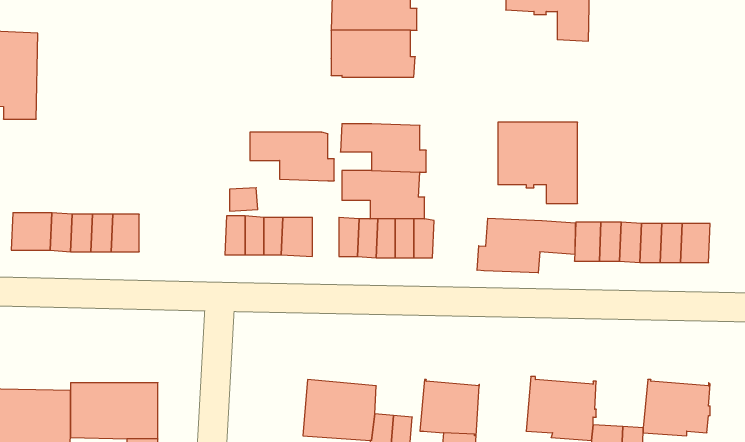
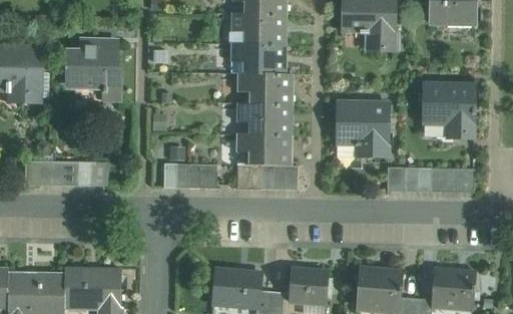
building: none -> [66,38,122,100]
building: none -> [423,83,476,138]
building: [250,132,334,181] -> [237,73,292,104]
building: [477,218,575,273] -> none

